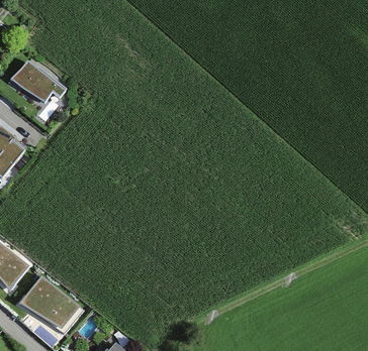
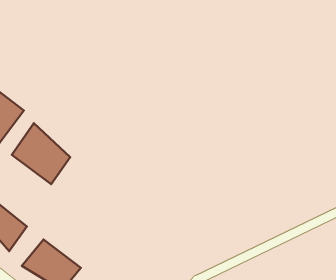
building: [7,62,61,105] -> none
building: none -> [12,123,70,184]

